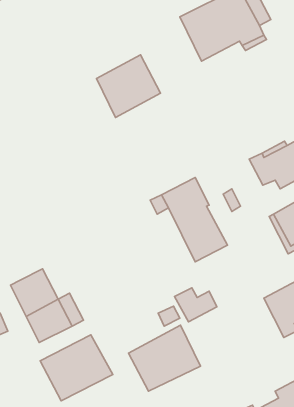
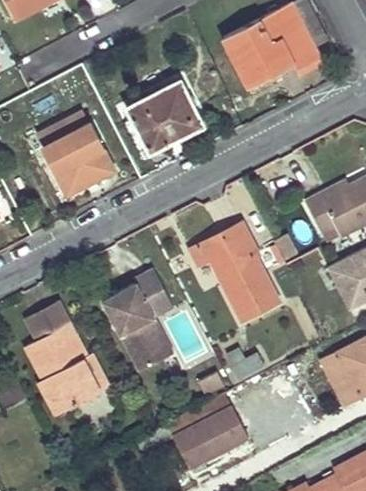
building: none -> [37,112,113,195]
building: none -> [101,269,172,372]
building: none -> [27,302,96,362]
building: [40,335,113,401] -> none

